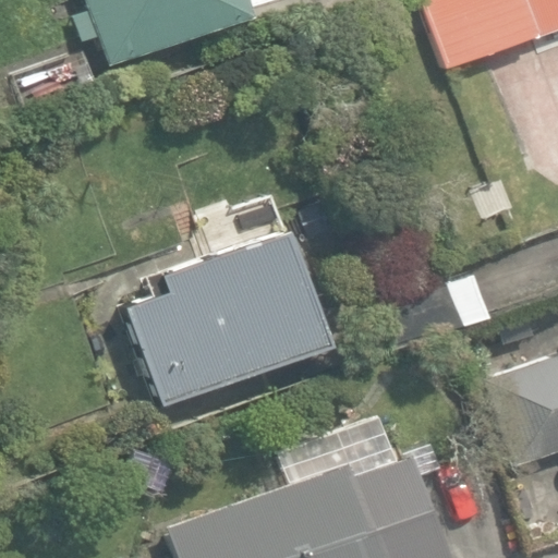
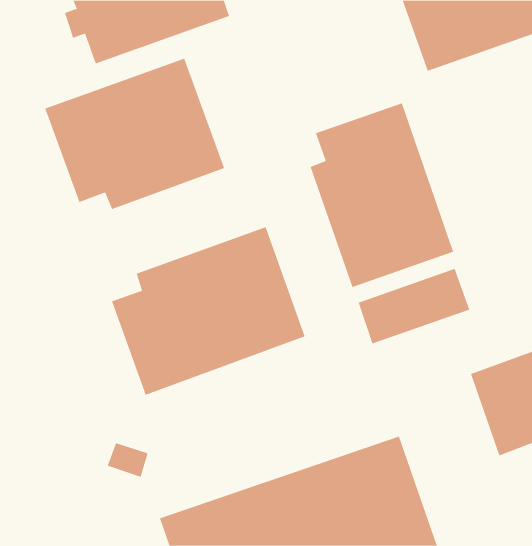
building: none -> [45,58,225,210]
building: none -> [310,102,454,288]

